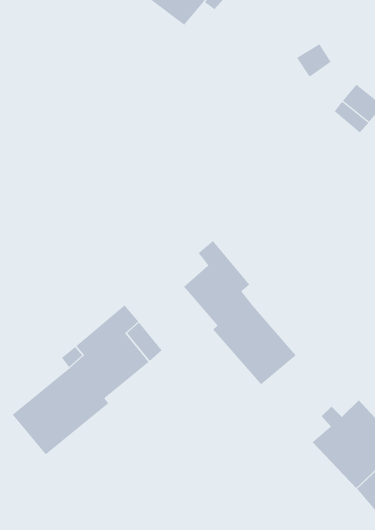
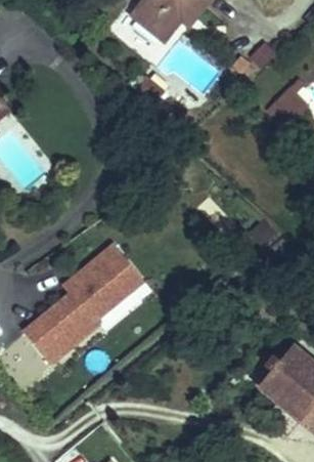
building: [183,240,296,385] -> none

